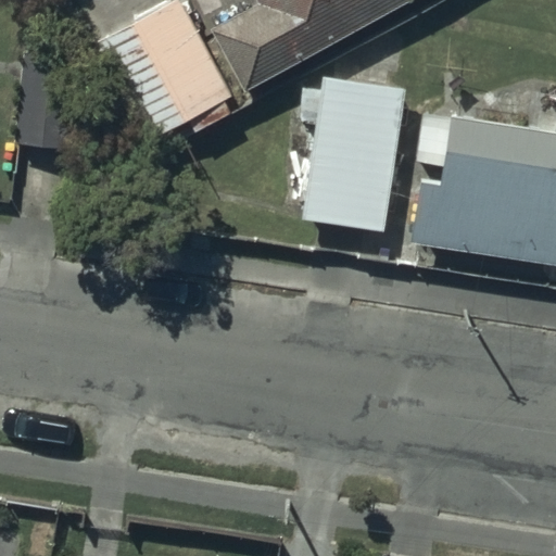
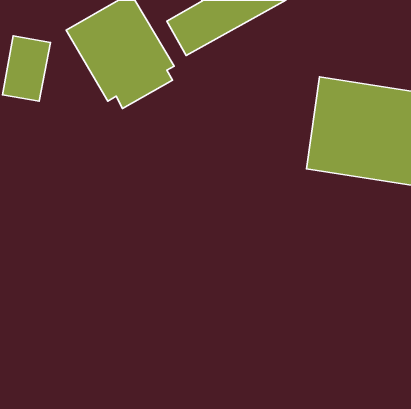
building: [303,83,404,228] -> none

